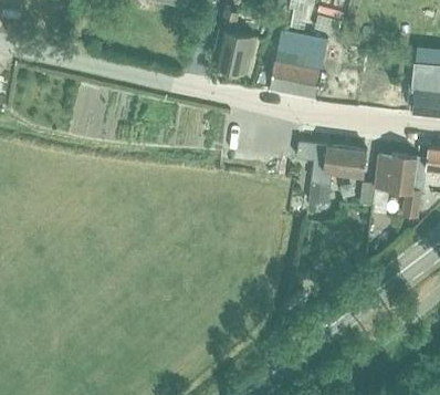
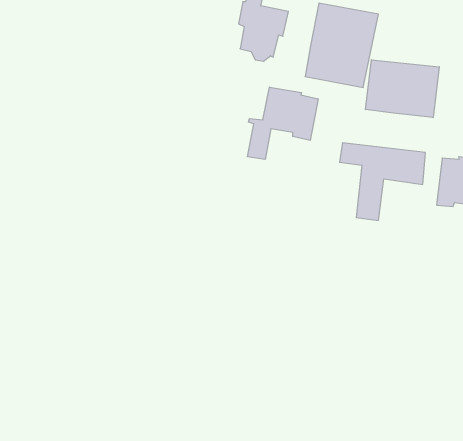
building: none -> [366,60,439,118]
building: none -> [247,87,318,159]

